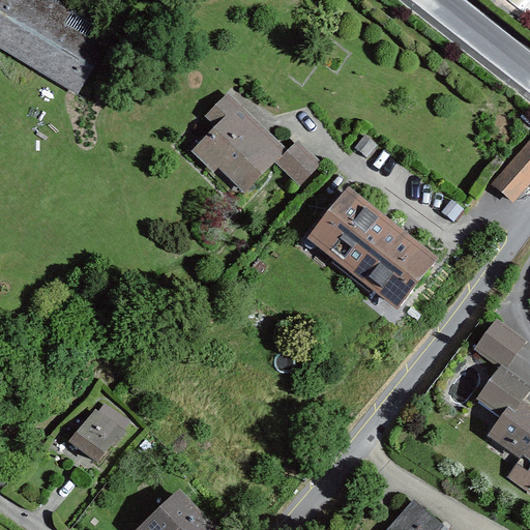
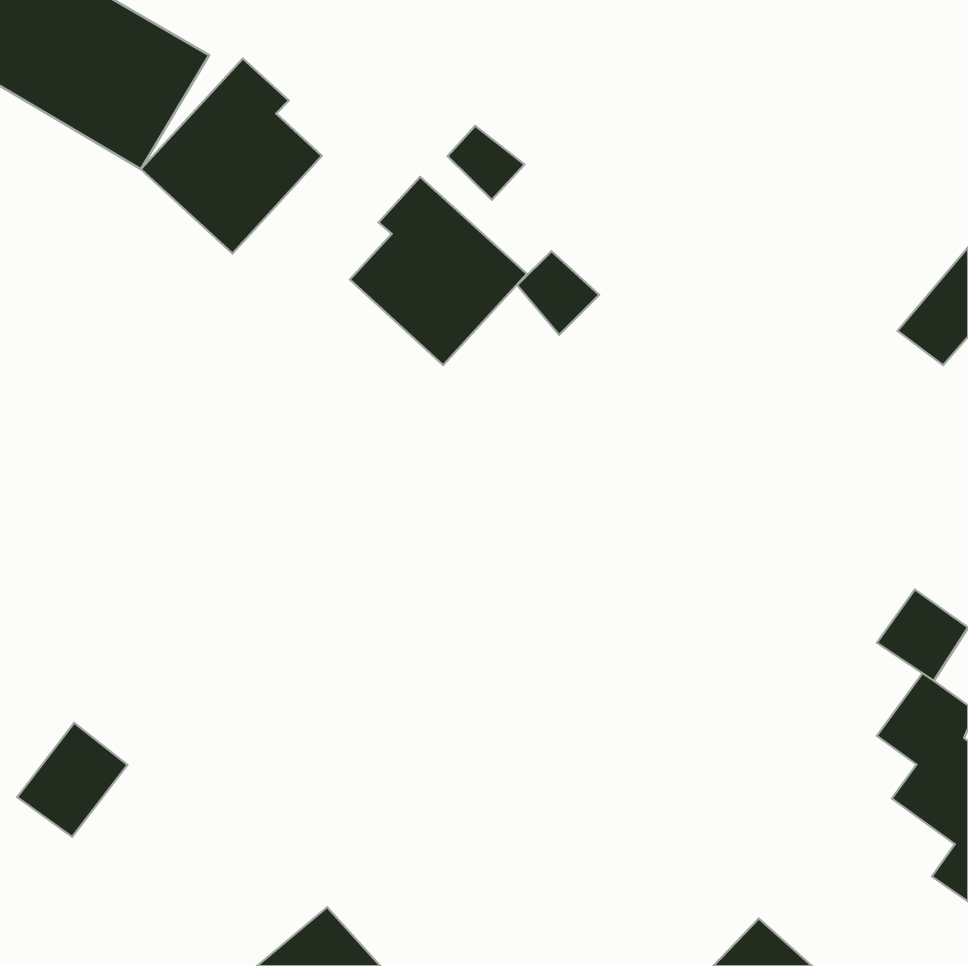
building: none -> [141,58,322,253]
building: none -> [448,126,524,200]
building: [308,187,439,310] -> none
building: [69,400,129,462] -> [17,723,127,837]

